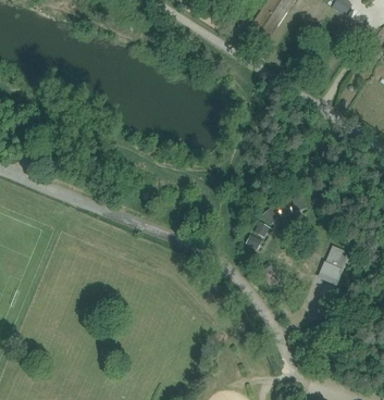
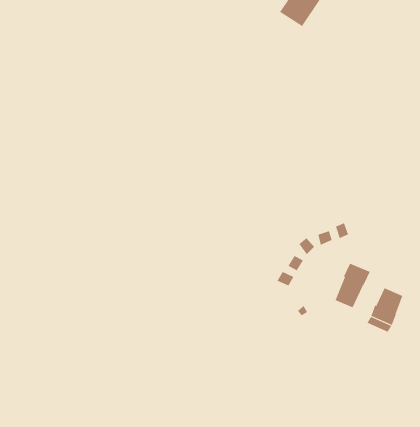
building: none -> [335,263,370,308]

